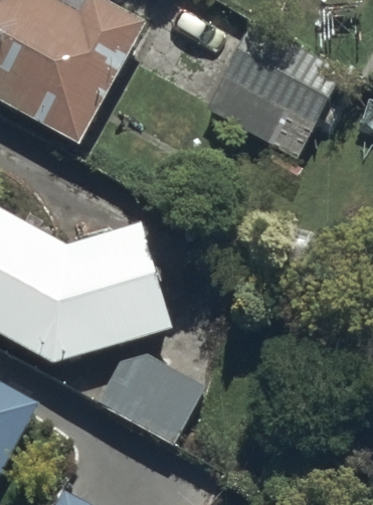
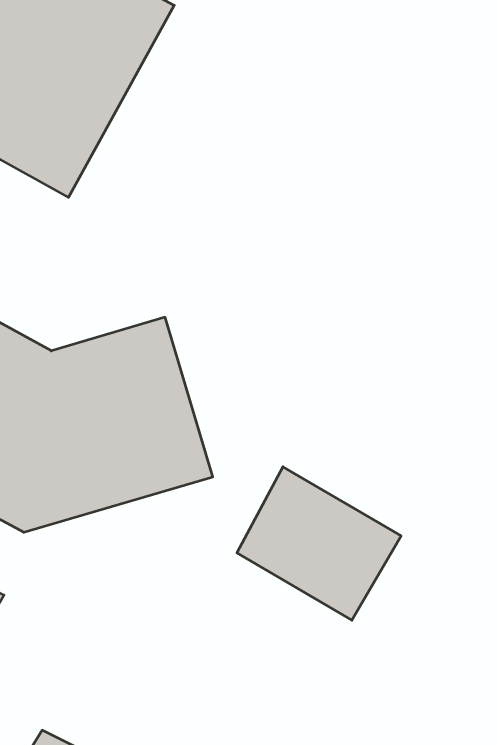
building: [203,23,343,160] -> none
building: [102,350,209,451] -> [237,467,401,620]

